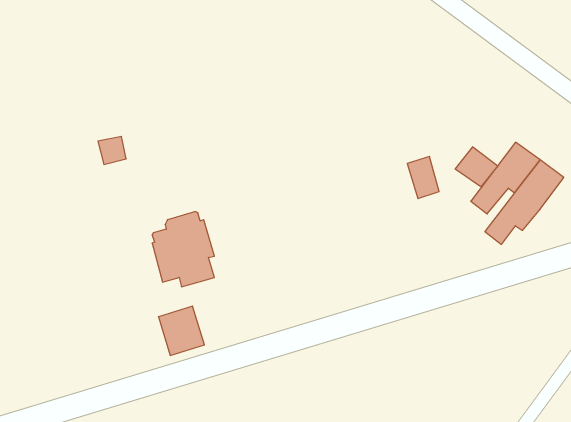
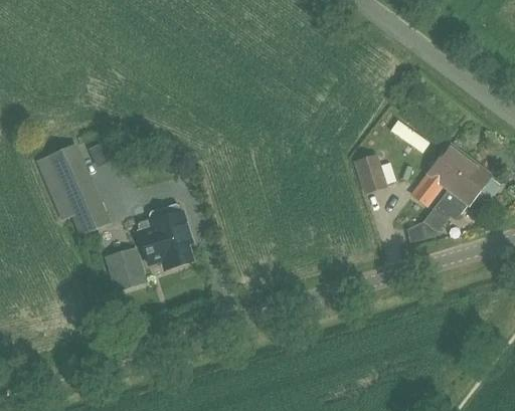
building: none -> [36,148,108,233]
building: [455,147,498,187] -> none
building: [158,306,204,355] -> [106,248,145,290]

